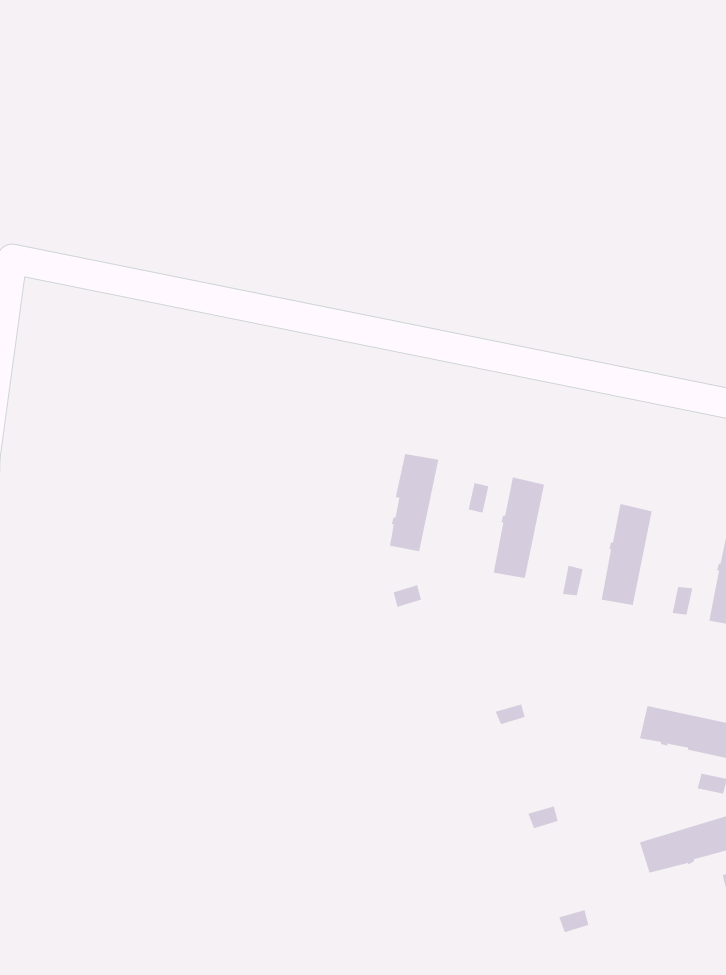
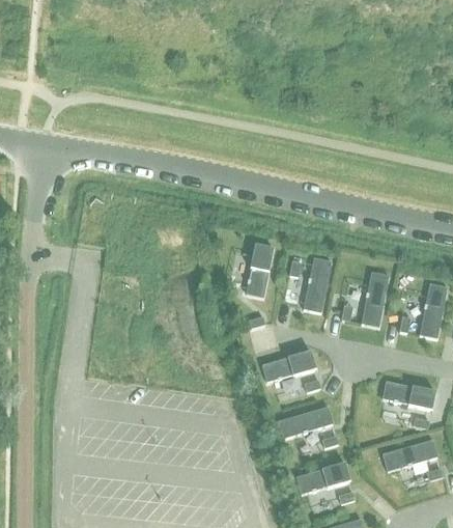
building: none -> [260,351,314,382]
building: none -> [277,406,332,439]
building: none -> [294,463,349,495]

